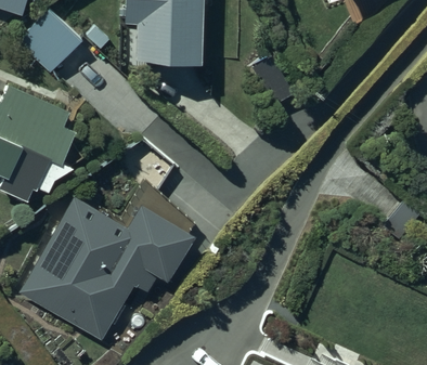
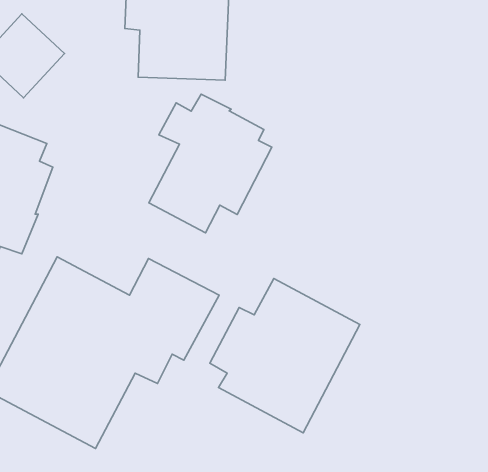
building: none -> [149,94,272,233]
building: none -> [210,279,360,433]

